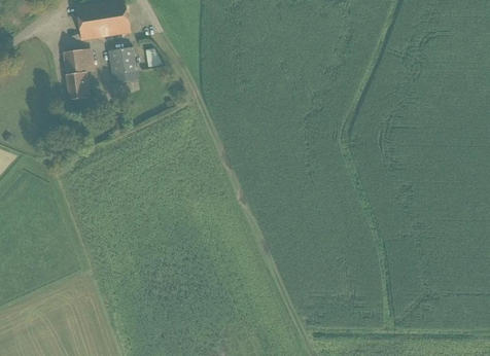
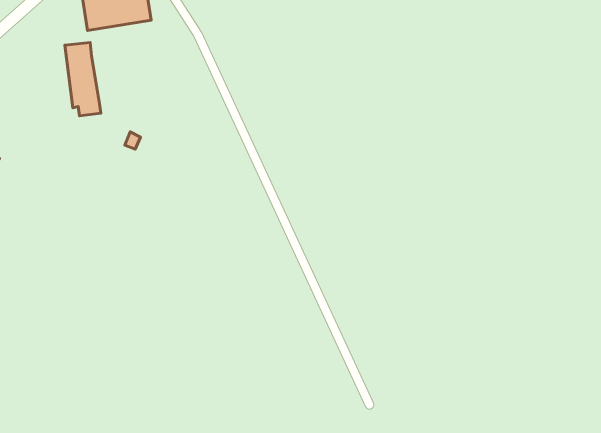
building: [109,47,138,76] -> none

